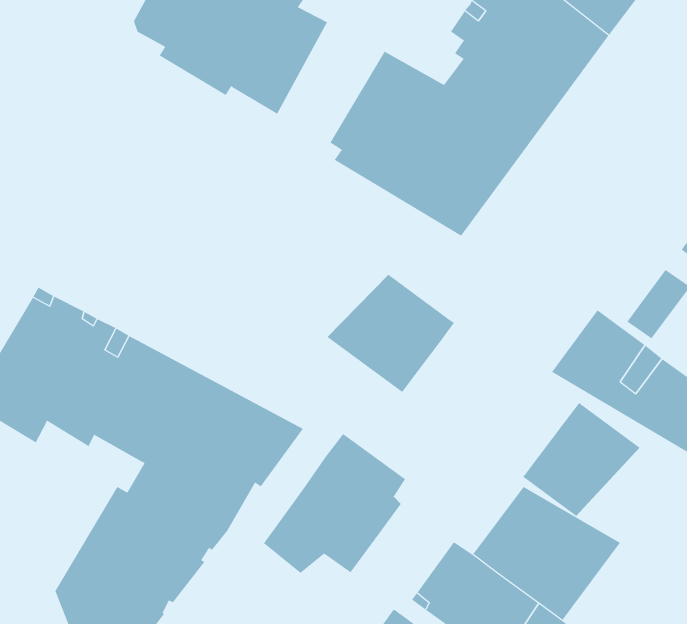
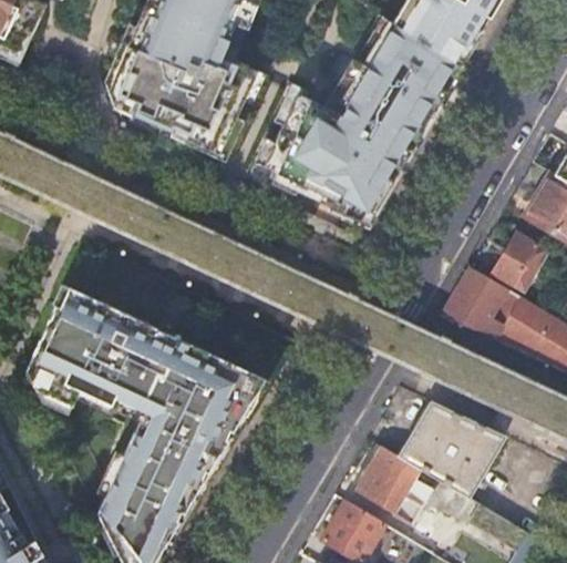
building: [327,274,455,393] -> none
building: [523,402,640,517] -> none
building: [263,433,406,574] -> none

